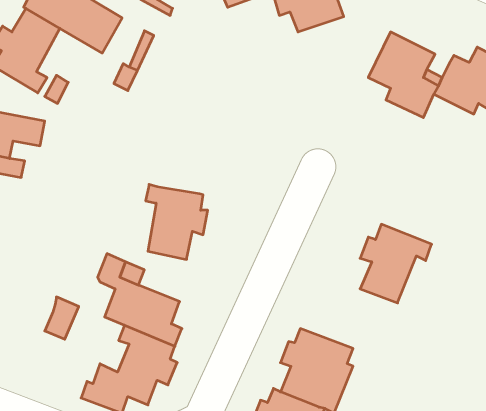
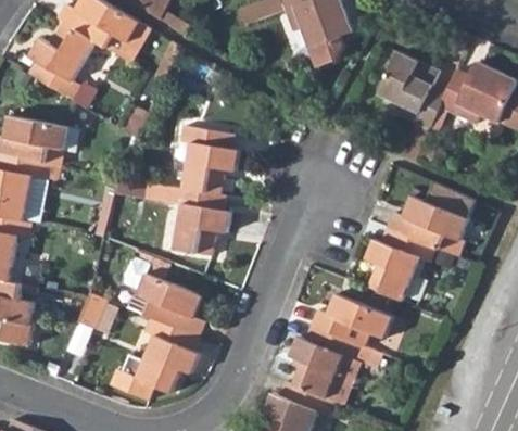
building: none -> [179,129,238,198]
building: none -> [388,193,469,246]
building: none -> [313,290,394,343]

